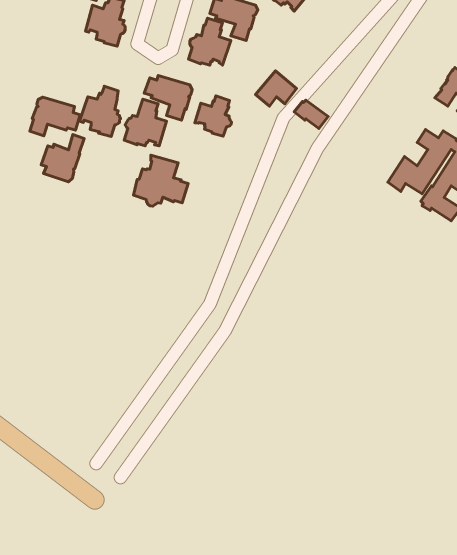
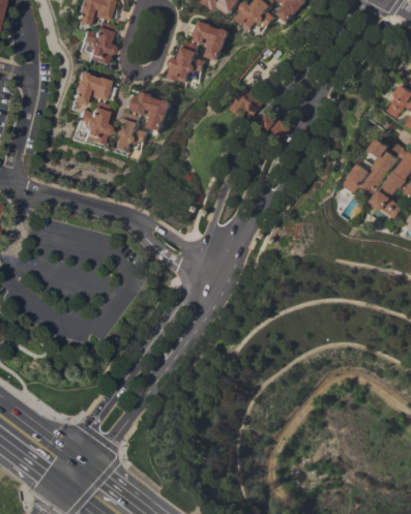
building: [195,96,231,136] -> none
building: [30,97,80,136] -> [69,70,114,104]
building: [41,135,84,182] -> none
building: [134,155,188,206] -> none

